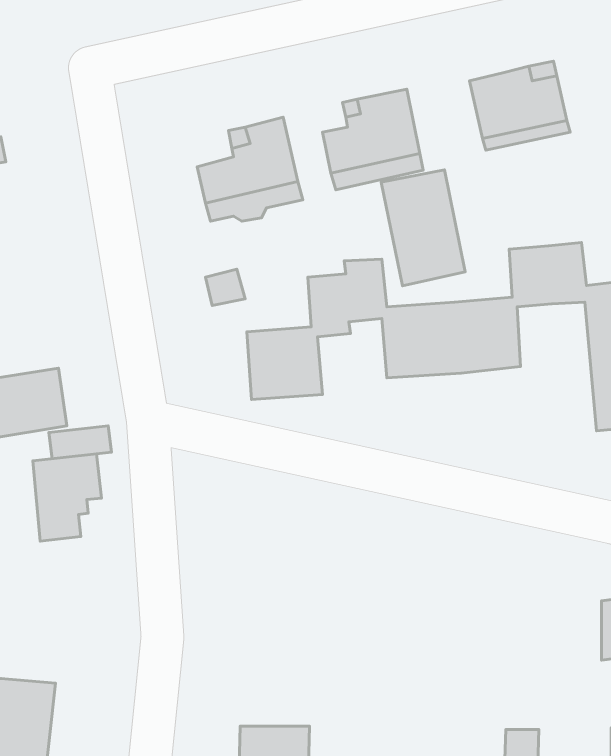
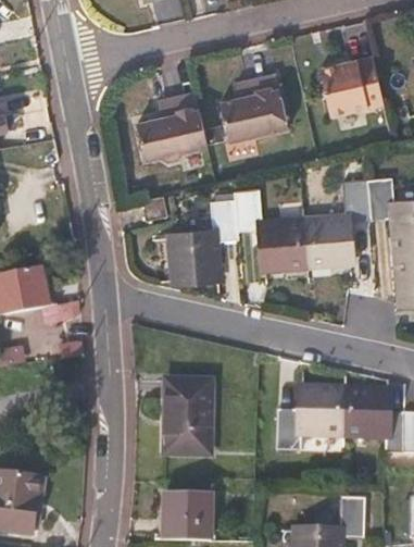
building: [381,170,465,286] -> none
building: [33,454,102,541] -> none
building: none -> [164,382,210,456]
building: none -> [277,390,385,450]

